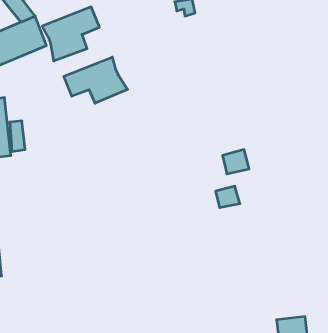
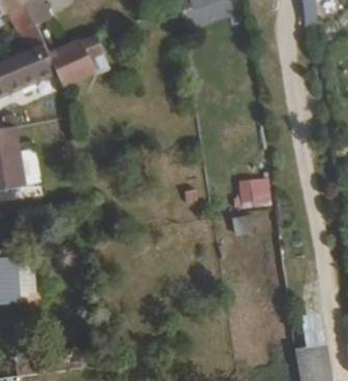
building: [64,57,128,103] -> none

